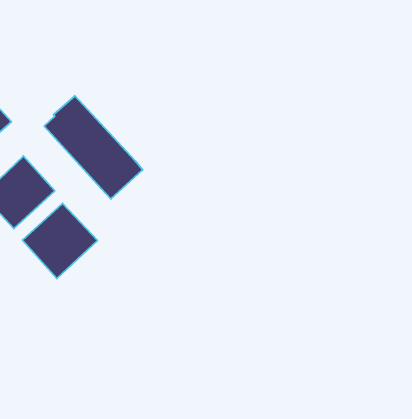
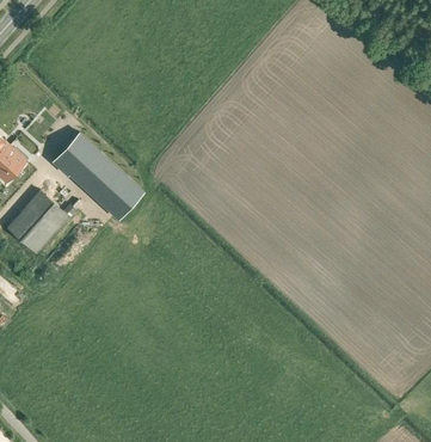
building: [22,203,97,279] -> none

